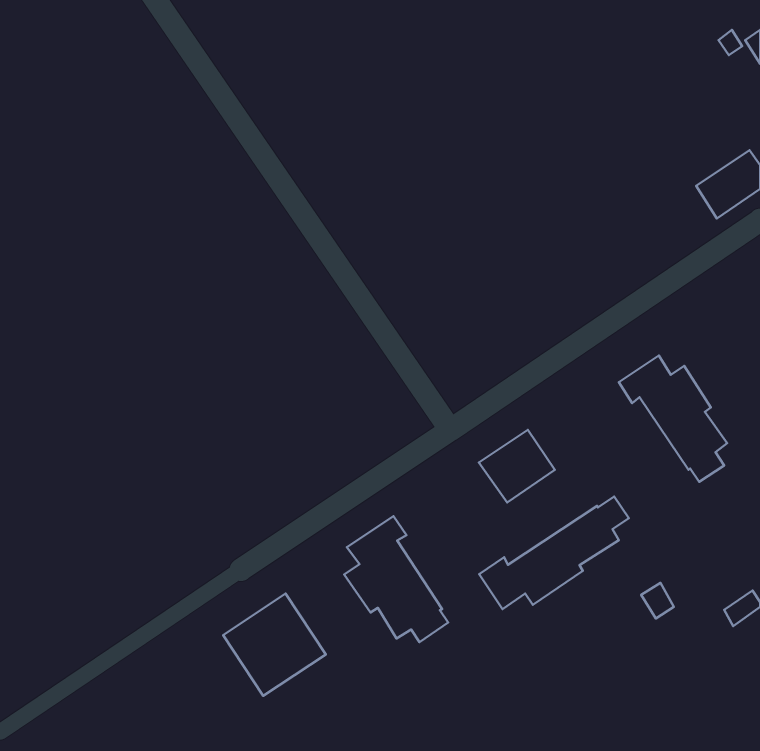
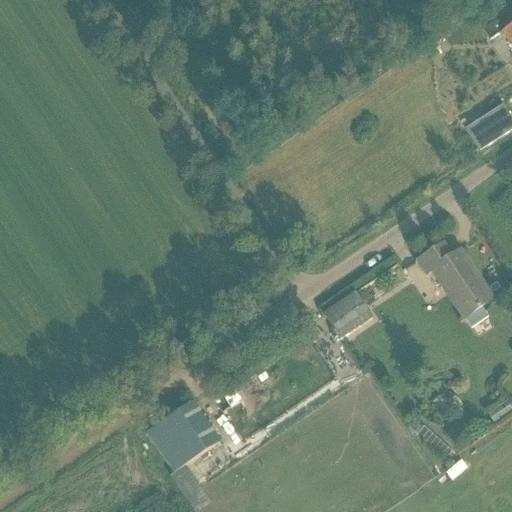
building: [479,497,629,609] -> none
building: [344,516,448,642] -> none

